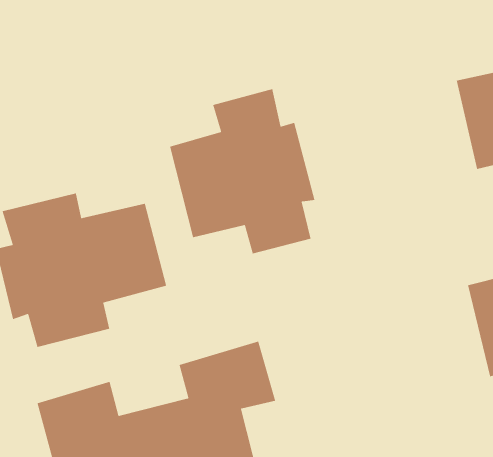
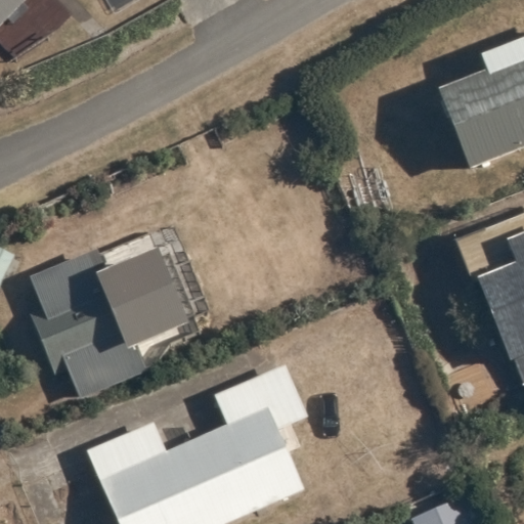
building: [169,88,316,254] -> none

